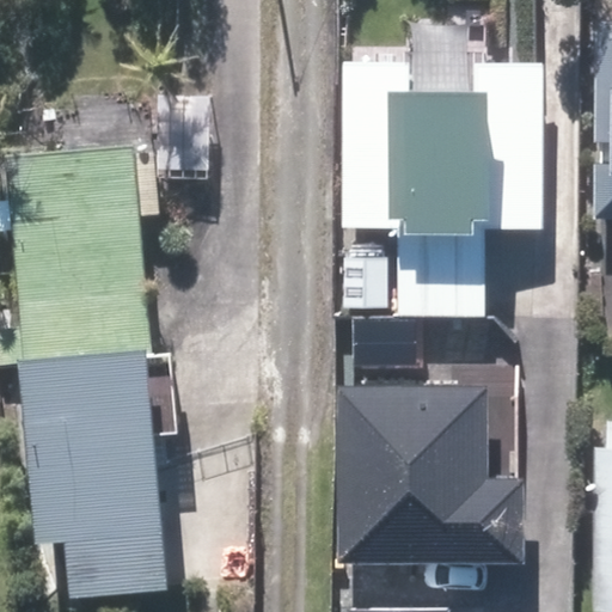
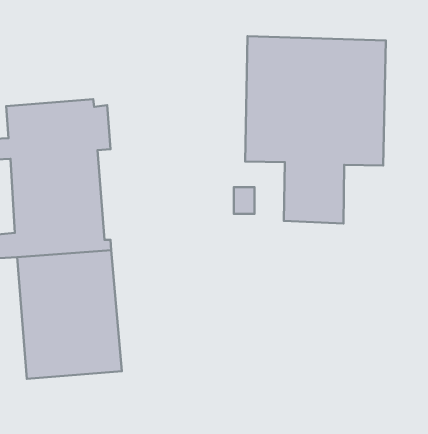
building: [336,387,519,564] -> none

